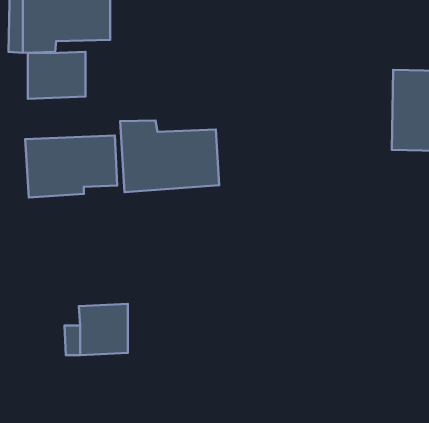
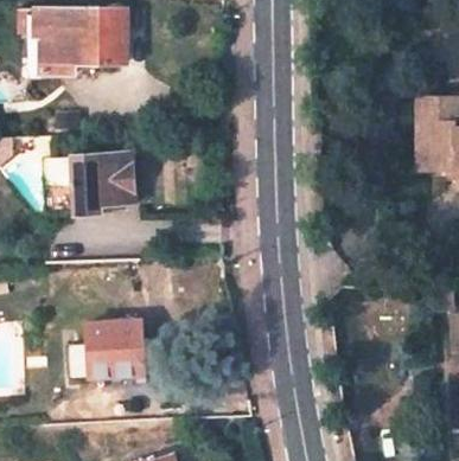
building: [28,52,85,99] -> none
building: [120,120,219,192] -> none

